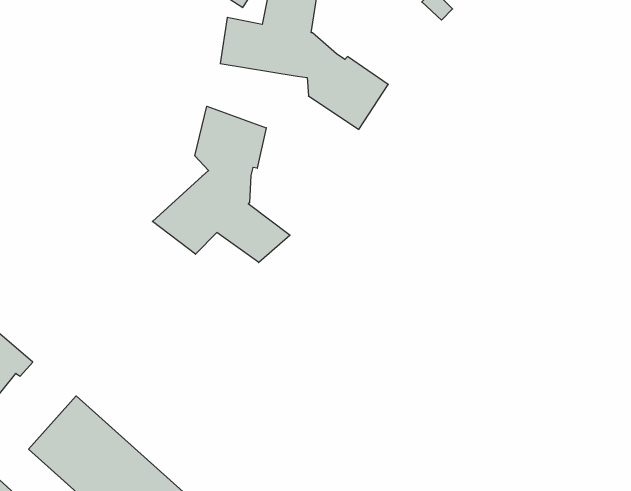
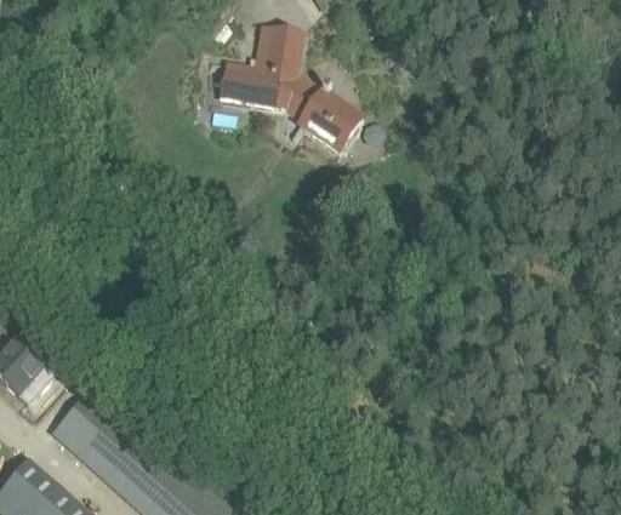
building: [152,106,290,263] -> none

